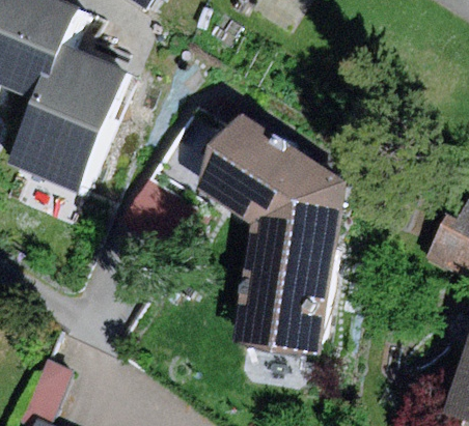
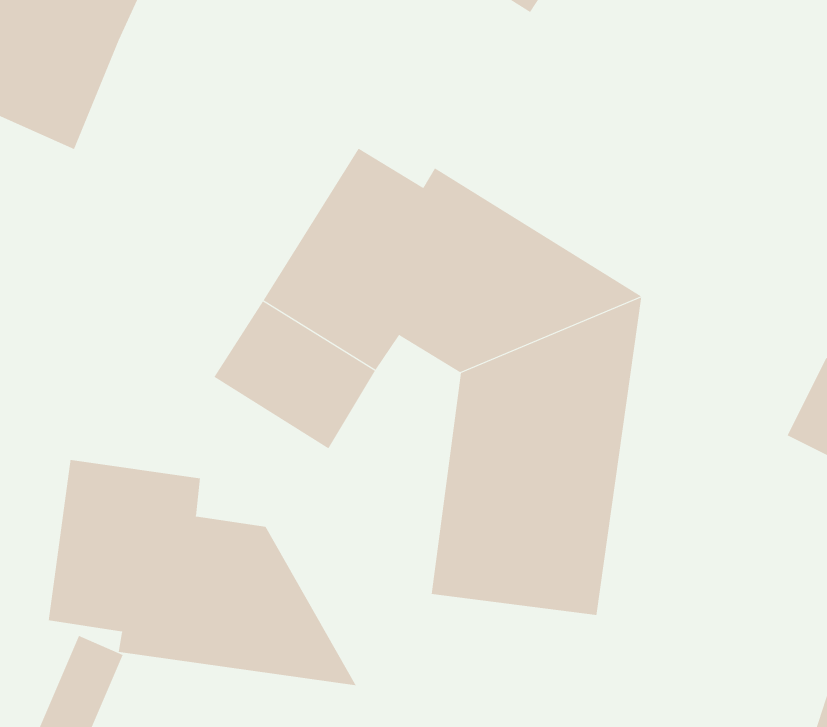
building: [22,46,139,194] -> none
building: none -> [48,459,357,686]

